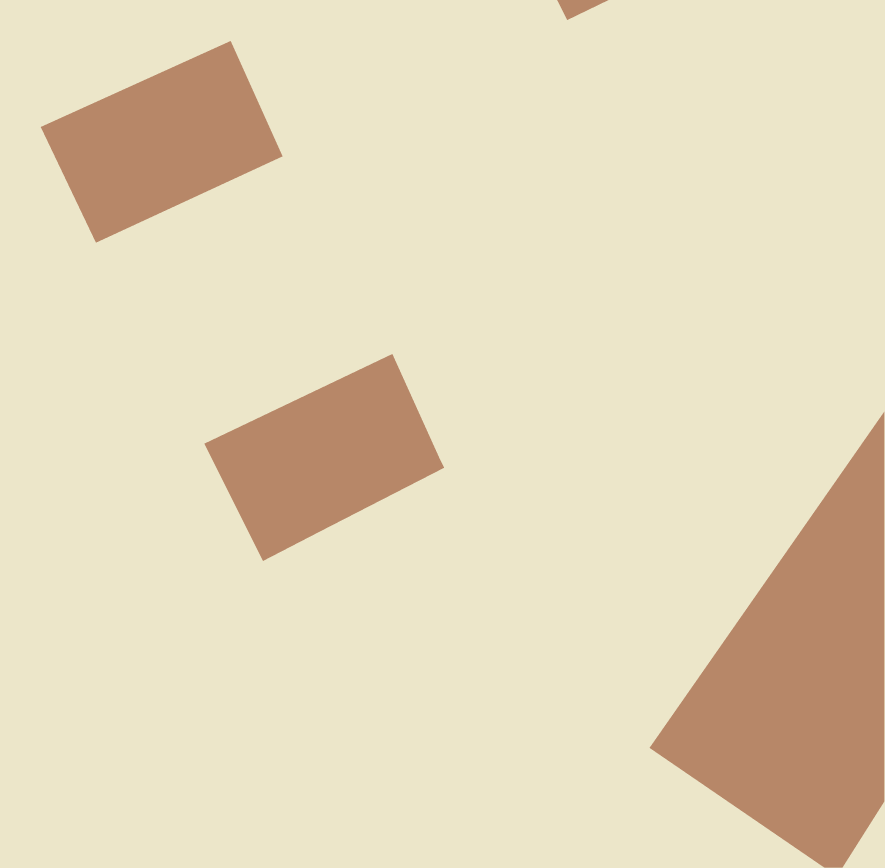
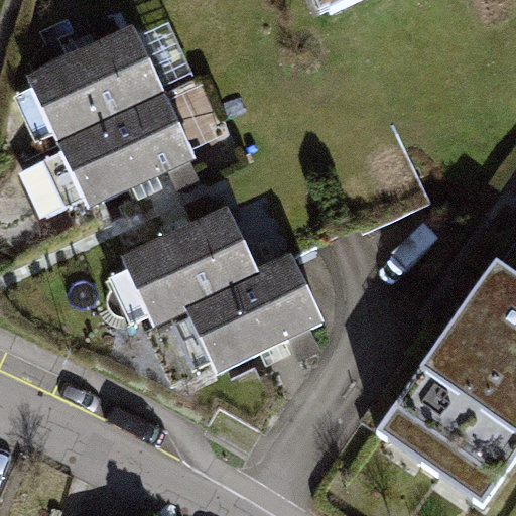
building: none -> [55,91,196,210]
building: none -> [185,251,324,373]

